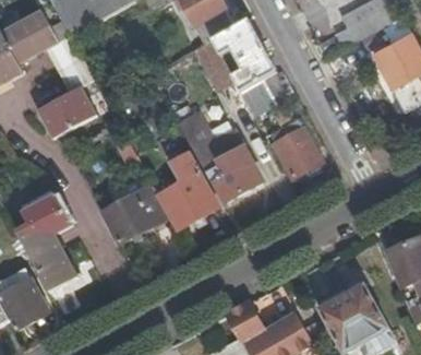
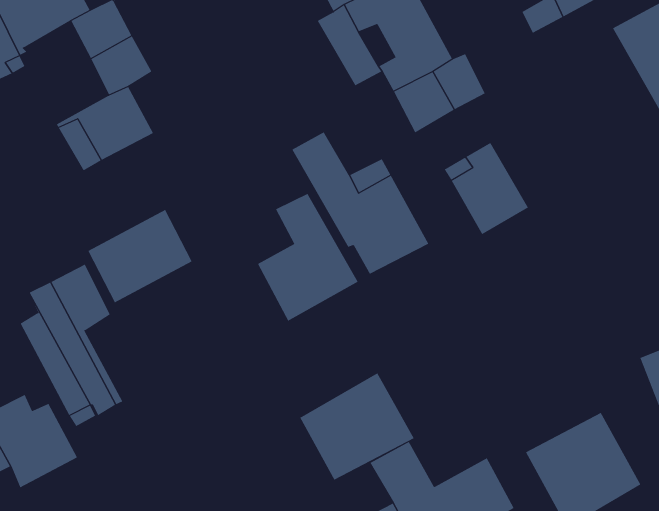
building: [103,187,166,244] -> [87,209,193,303]
building: none -> [299,372,414,481]

